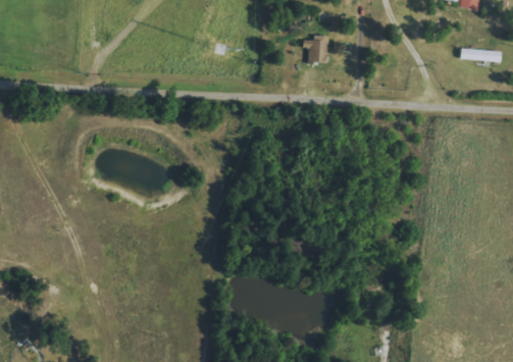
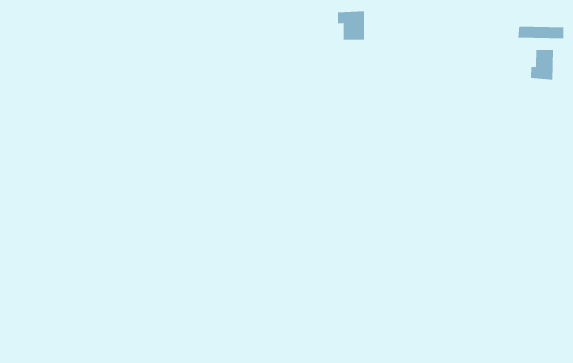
building: none -> [531,49,554,80]

